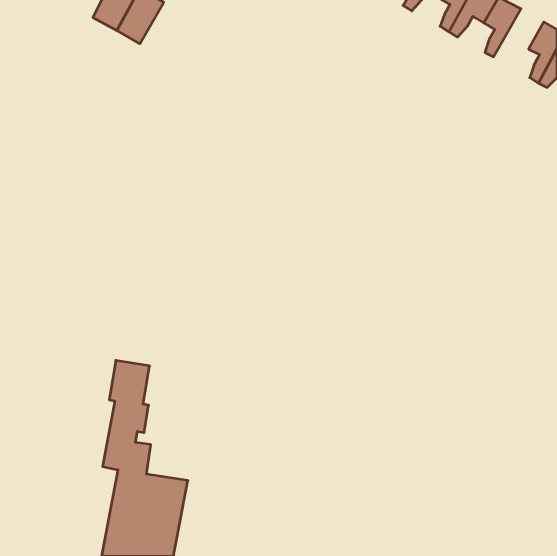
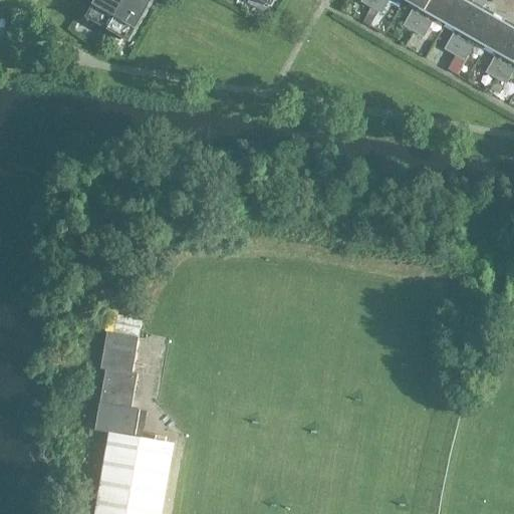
building: none -> [454,8,500,57]

